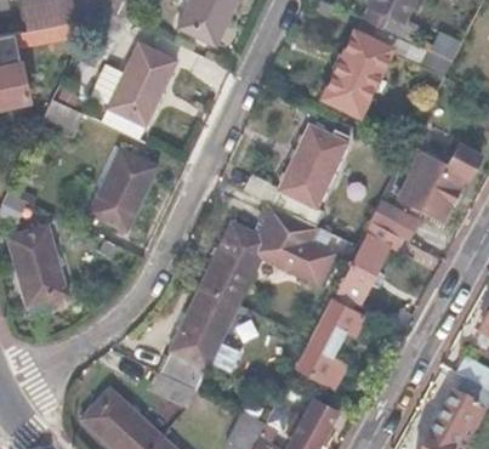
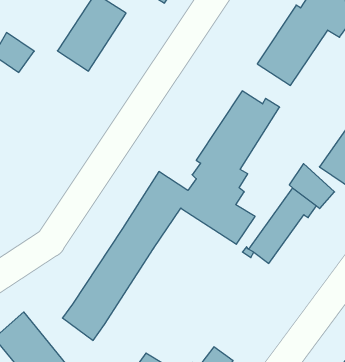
building: [90,147,157,229] -> none
building: [297,300,362,385] -> none

